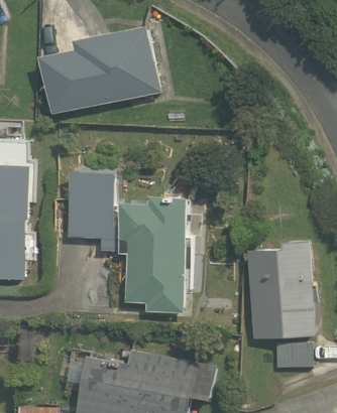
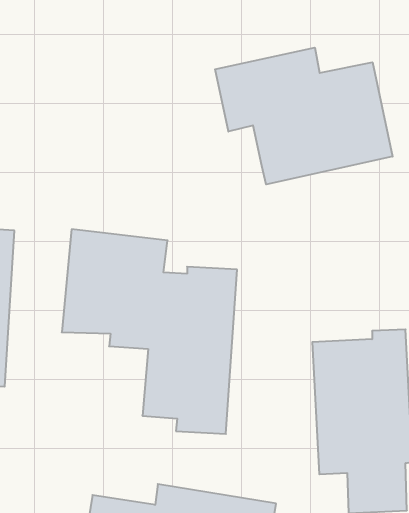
building: [40,24,163,116] -> none
building: none -> [215,48,393,184]

